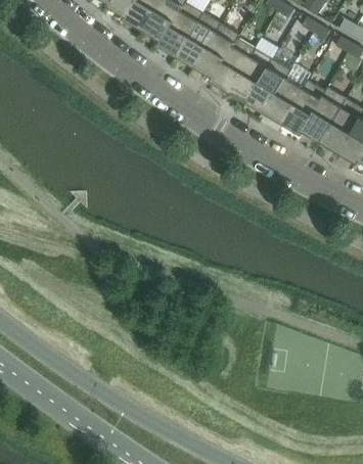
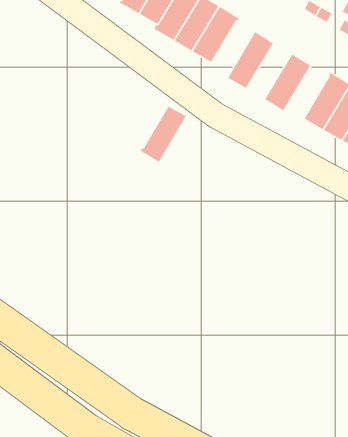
building: [210,37,255,92] -> [140,105,187,163]
building: [246,58,290,112] -> none
building: [282,80,326,135] -> none

